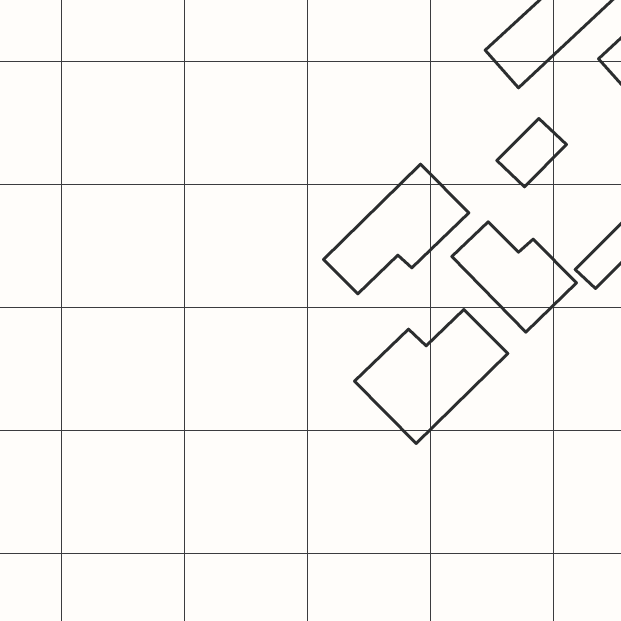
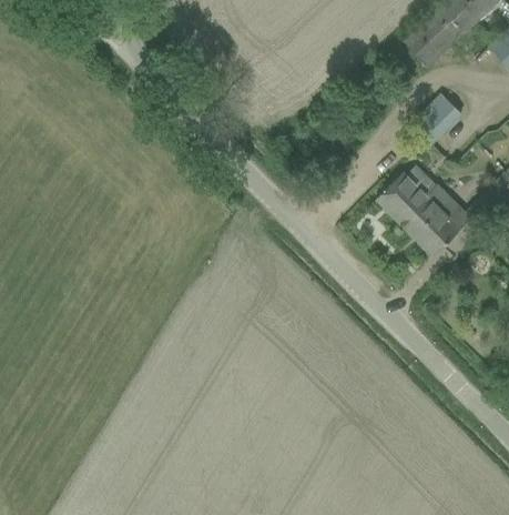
building: [323,164,469,294] -> none
building: [355,309,508,443] -> none

